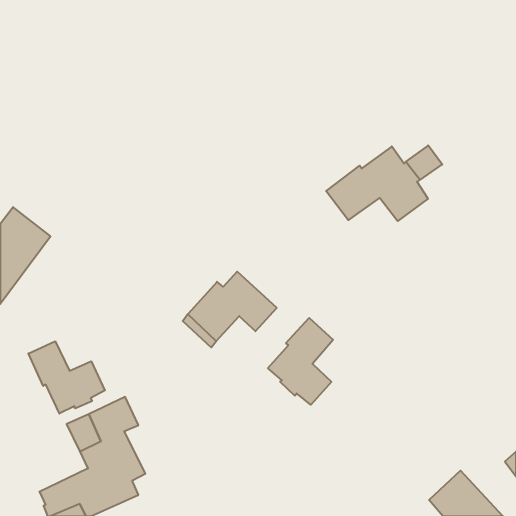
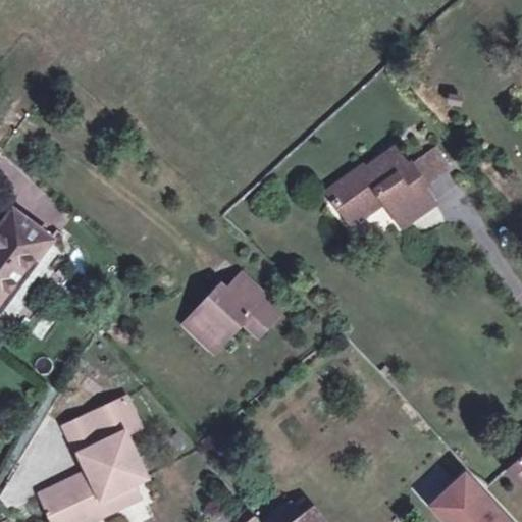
building: [268,318,333,405] -> none
building: [28,341,105,414] -> none

